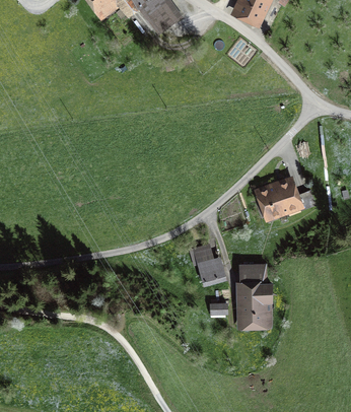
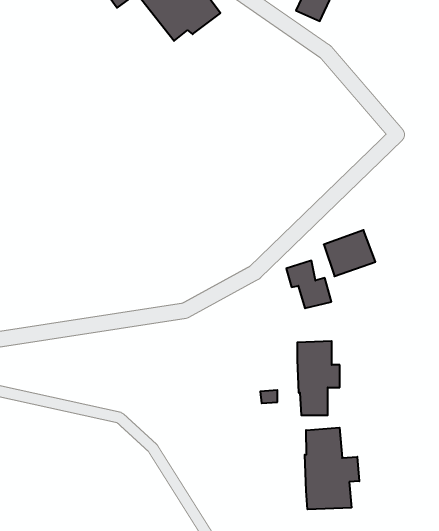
building: [189,245,223,281] -> [286,261,331,308]
building: none -> [305,428,359,509]

